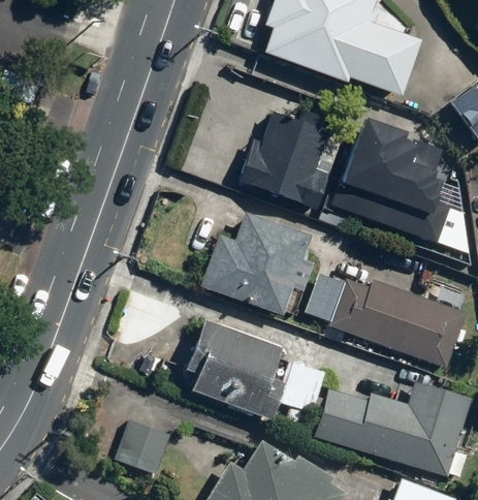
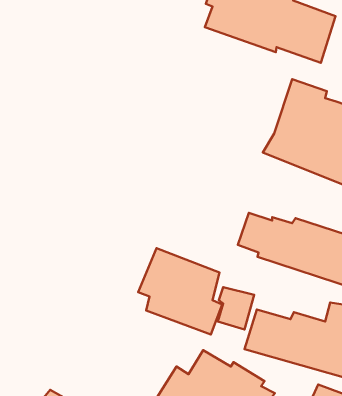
building: [243,108,341,208] -> none
building: [202,212,313,315] -> none
building: [109,421,169,479] -> none

